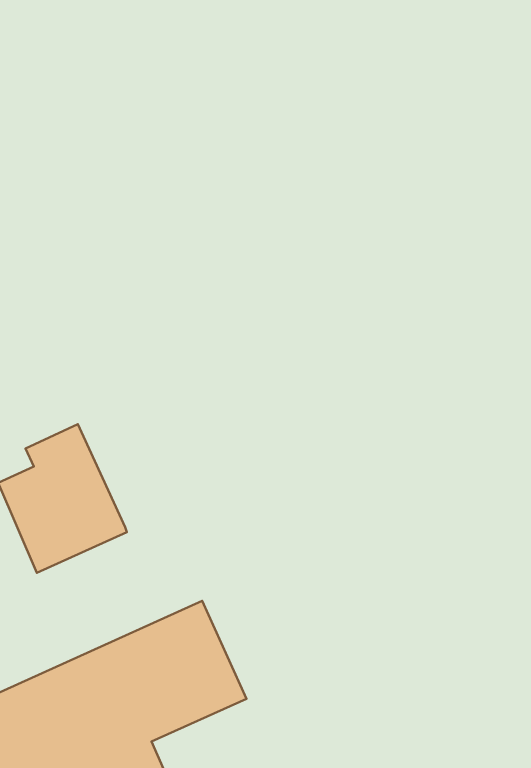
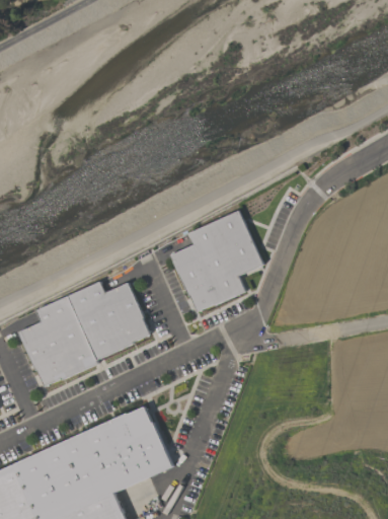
building: none -> [170,211,262,314]
building: none -> [68,282,151,360]

